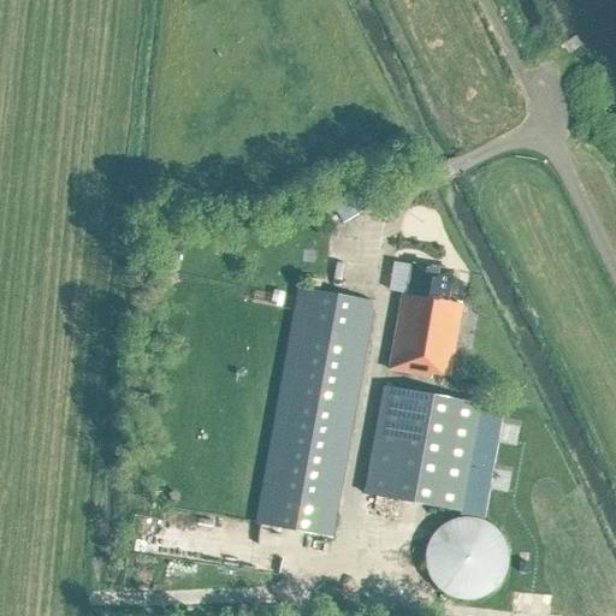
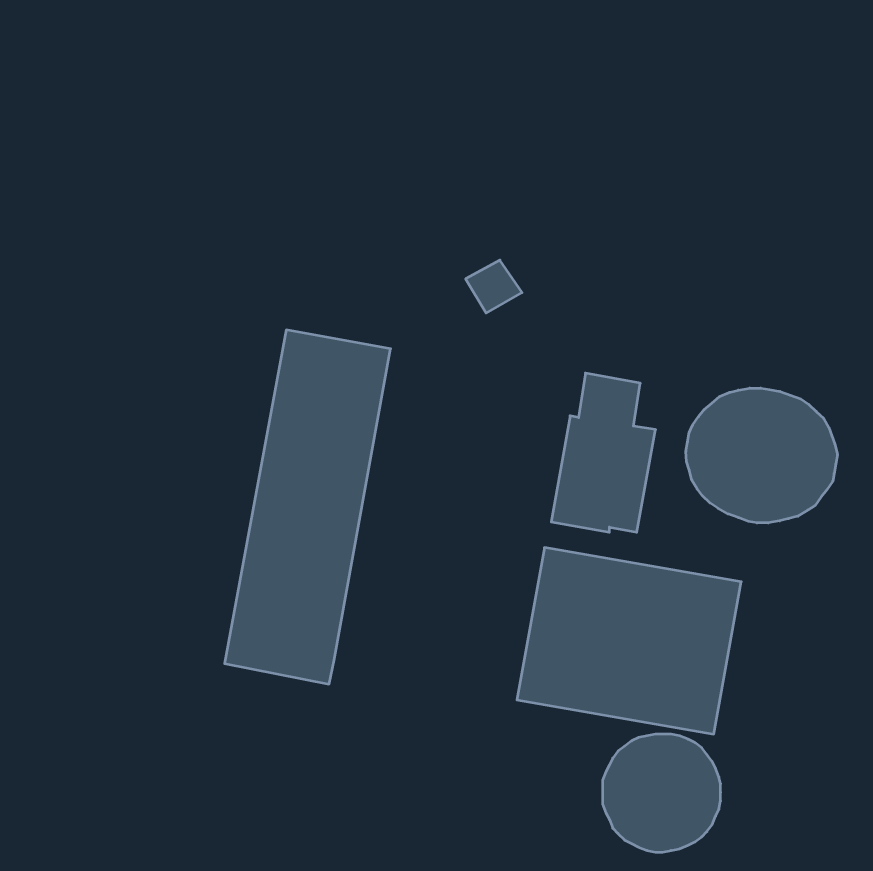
building: none -> [686,388,837,523]
building: [256,286,373,535] -> [225,330,391,684]

